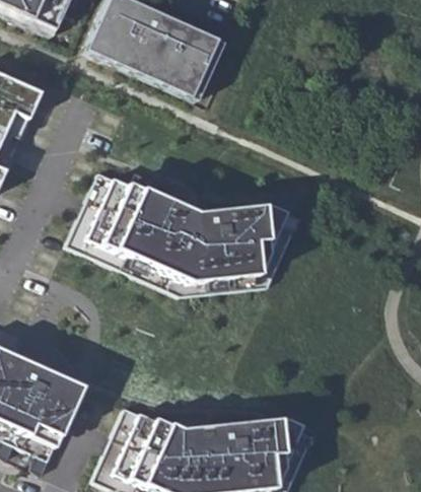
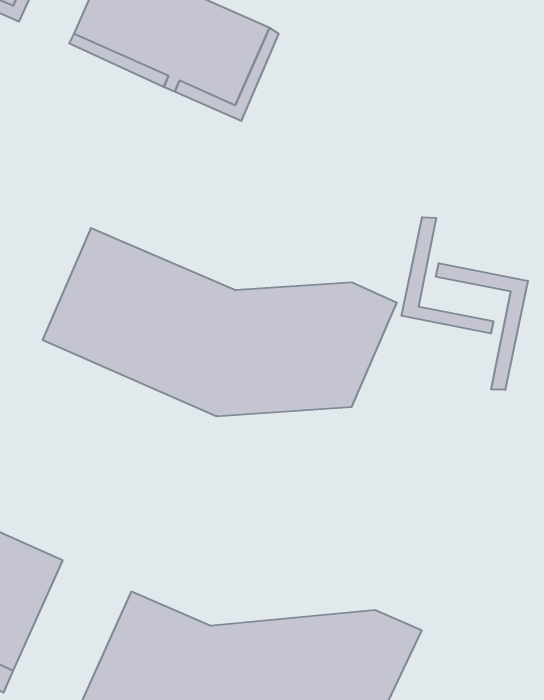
building: none -> [402,217,493,334]
building: none -> [436,263,528,390]

